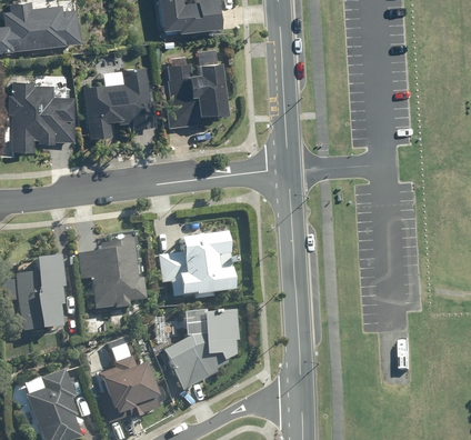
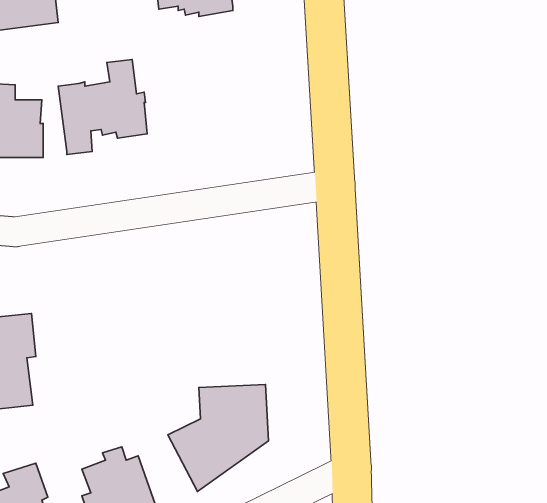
building: [166,62,222,127] -> none
building: [161,233,229,296] -> none
building: [80,241,146,310] -> none

